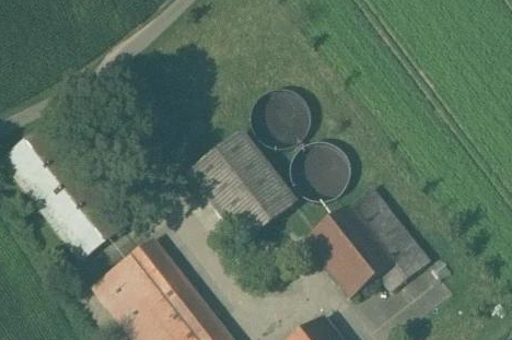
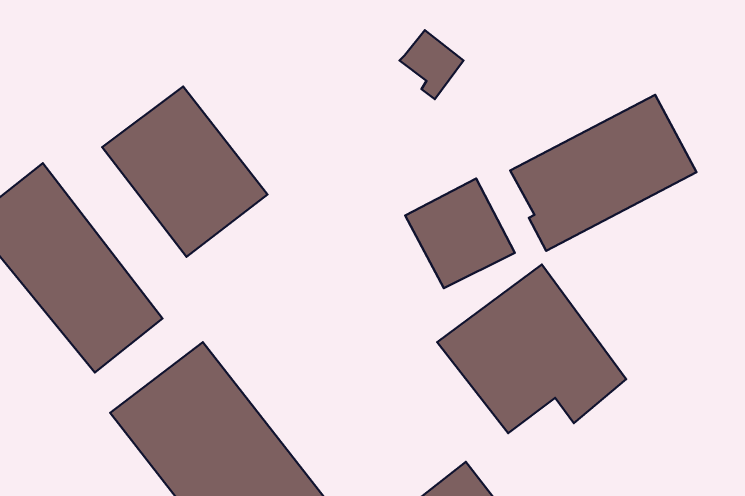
building: none -> [510,95,696,251]
building: [268,96,310,141] -> [400,30,464,99]
building: [188,131,295,242] -> [102,86,268,257]

